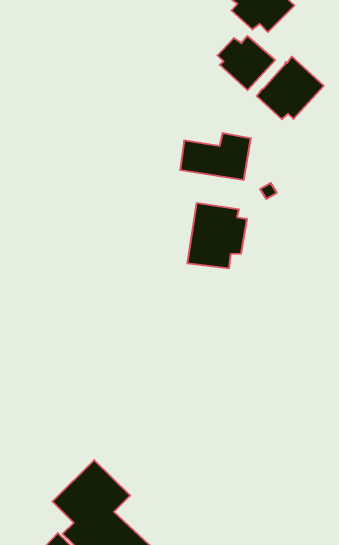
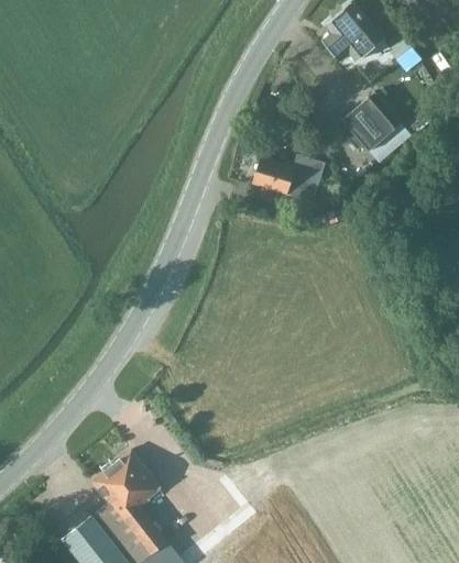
building: [217,36,275,90] -> none
building: [187,203,247,268] -> none

